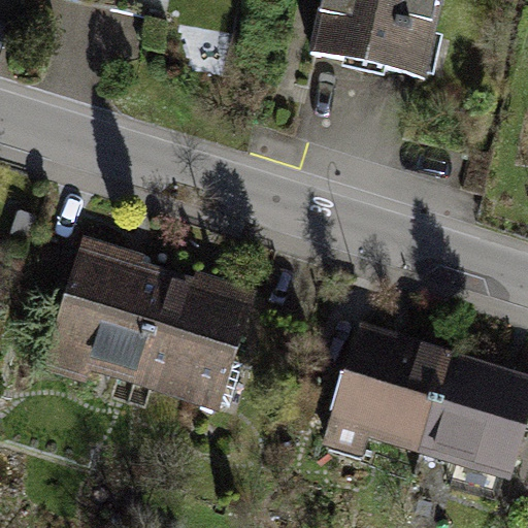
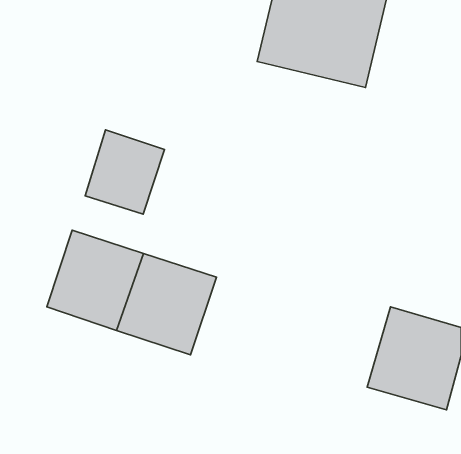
building: none -> [85,130,164,214]
building: [332,326,447,442] -> none

